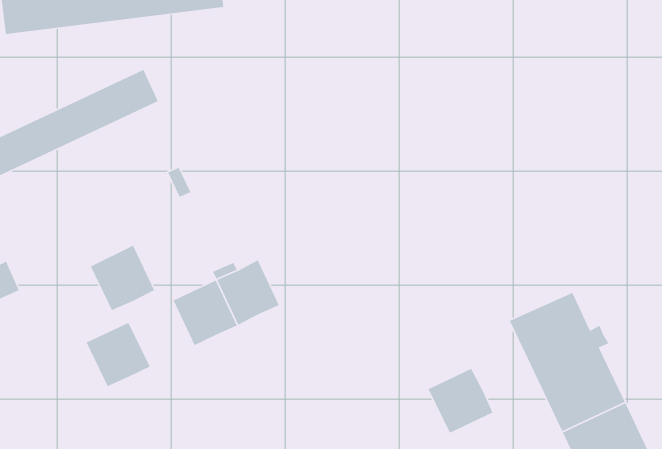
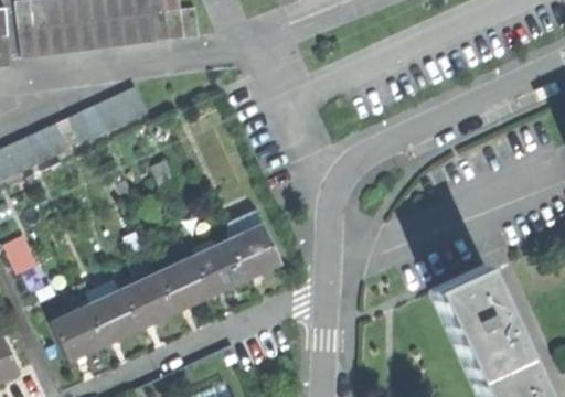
building: none -> [227,223,280,277]
building: [90,244,155,311] -> [122,272,175,326]
building: none -> [52,307,105,360]
building: [427,368,494,434] -> none

